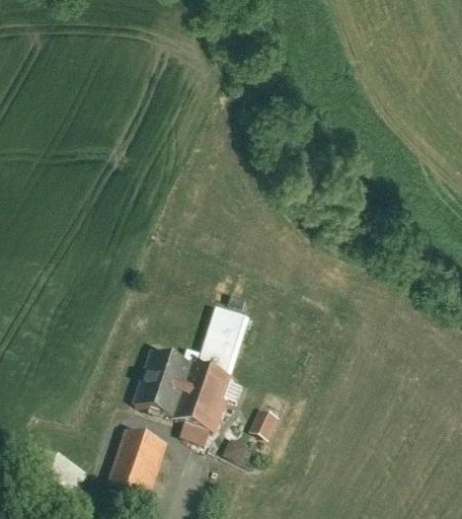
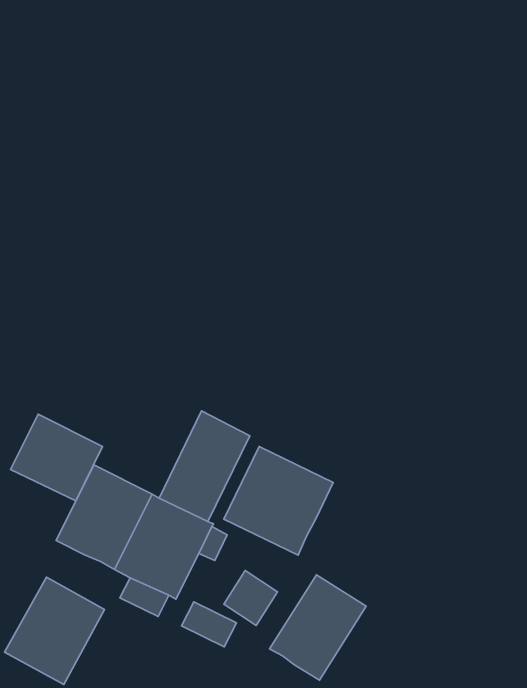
building: none -> [11,414,102,501]
building: none -> [224,447,333,555]
building: none -> [270,575,366,680]

